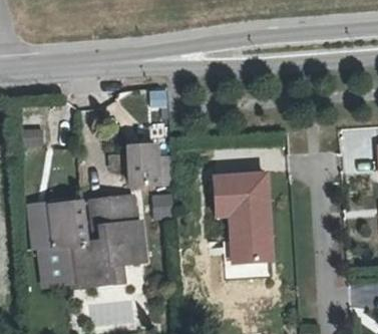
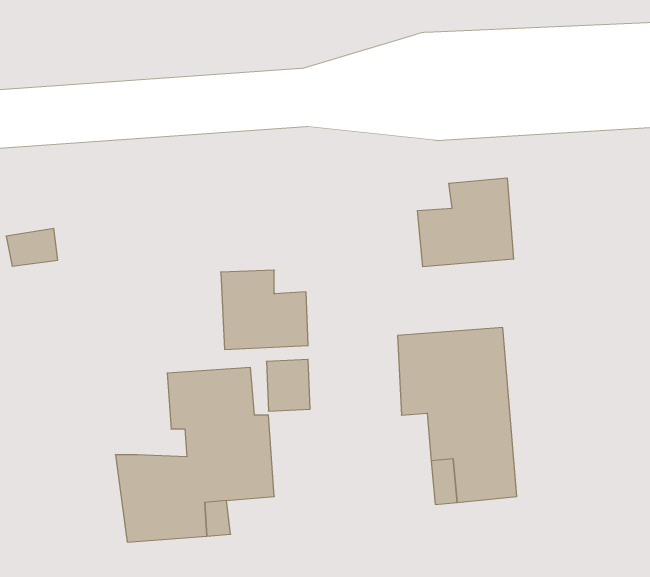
building: none -> [417,178,513,267]
building: [27,201,82,288] -> none

